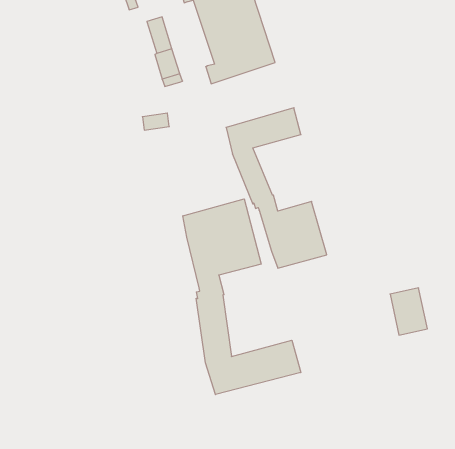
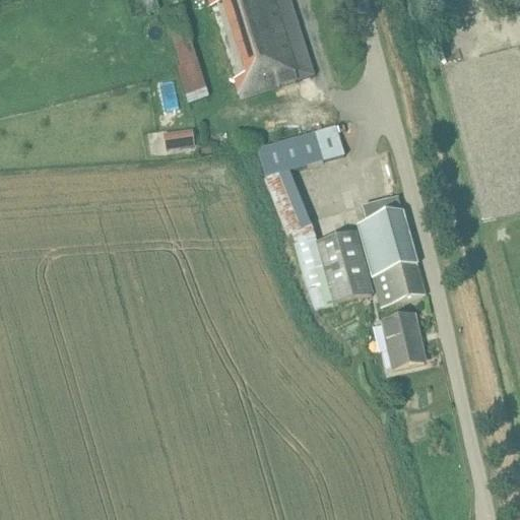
building: none -> [358,194,426,305]
building: [183,199,301,395] -> none
building: [390,288,427,335] -> [382,313,425,367]

